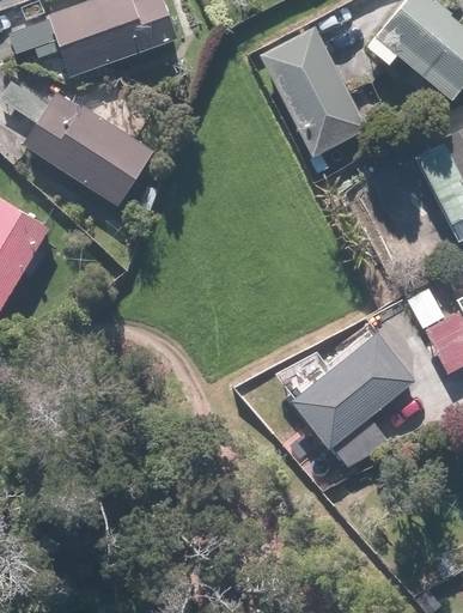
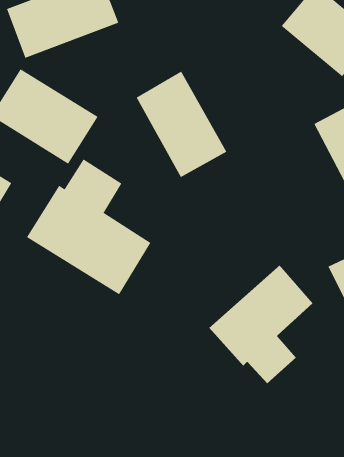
building: [257,25,367,154] -> [136,71,227,178]
building: none -> [26,159,151,295]

